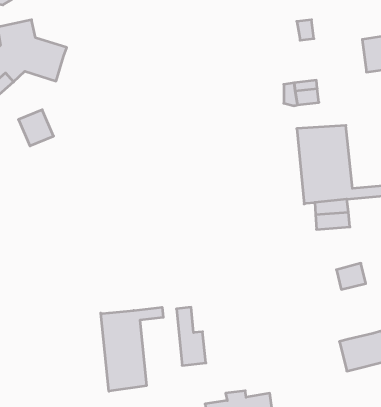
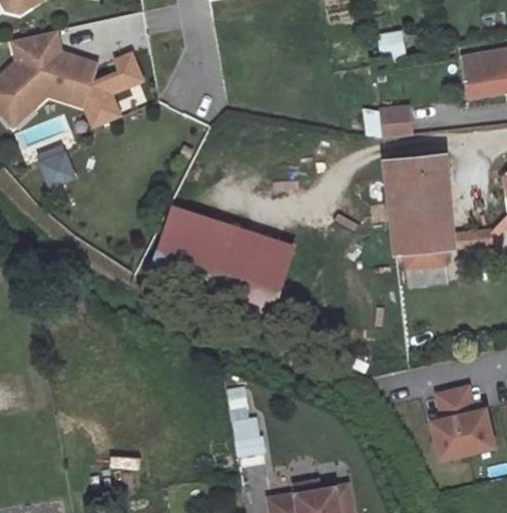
building: none -> [87,51,142,125]
building: none -> [154,203,294,307]
building: [336,263,366,289] -> [439,390,475,422]
building: [101,307,163,391] -> none

